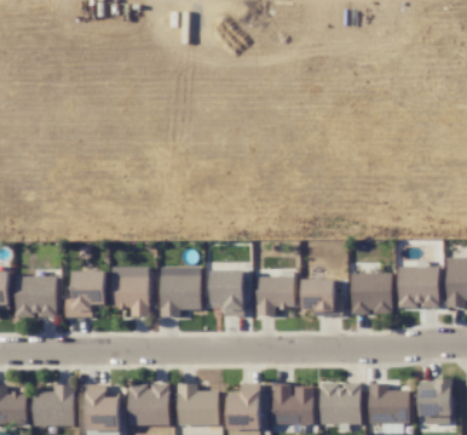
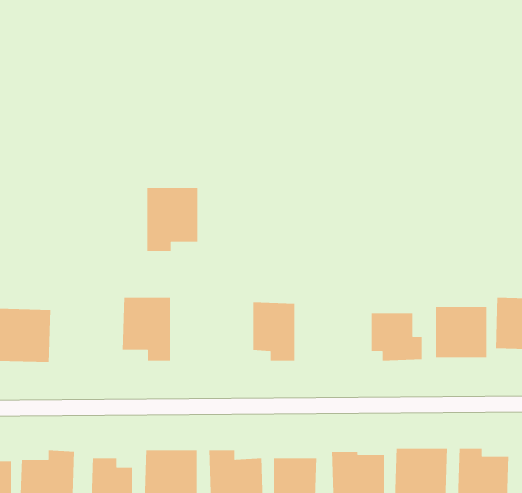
building: [161,267,201,316] -> [146,187,198,252]
building: [65,270,105,317] -> none
building: [255,276,295,316] -> none

